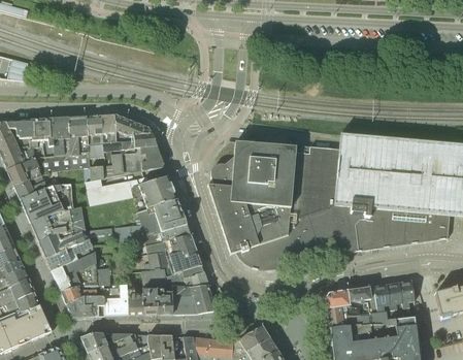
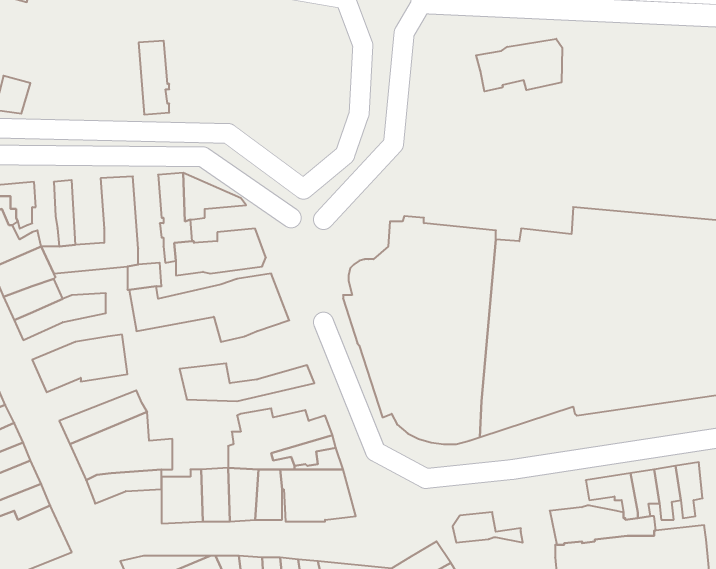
building: none -> [476,39,562,91]
building: [87,114,104,157] -> [139,41,169,114]
building: [52,117,70,155] -> none
building: [29,119,44,156] -> none
building: [121,132,157,154] -> none
building: [24,194,72,221] -> none
building: [137,198,187,234] -> none
building: [37,226,112,256] -> none
building: [146,234,197,256] -> none
building: [324,290,364,307] -> [453,512,523,543]
building: [65,295,103,316] -> none

